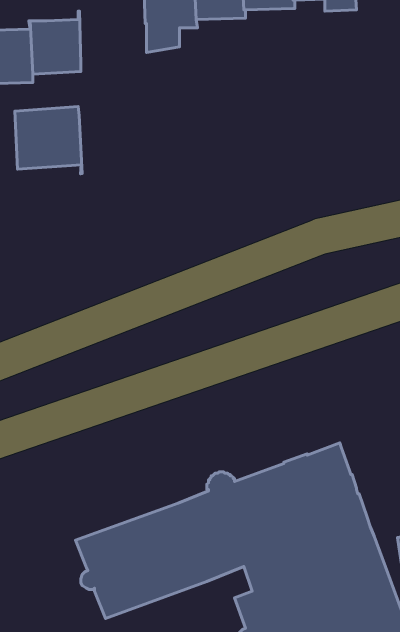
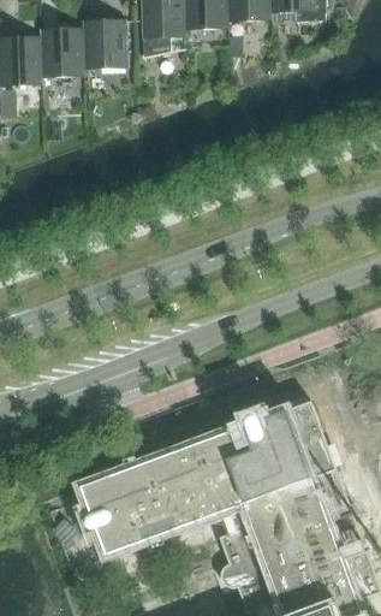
building: none -> [83,19,127,66]
building: [15,106,82,174] -> none

